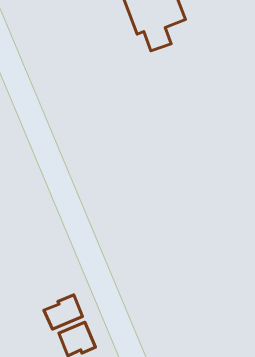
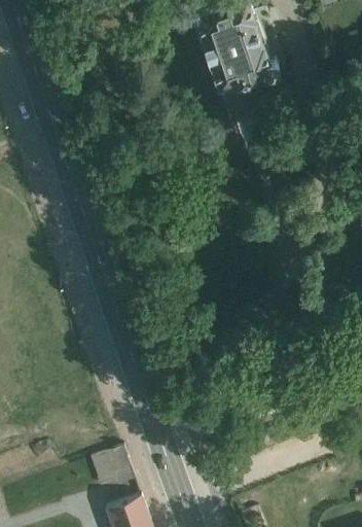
building: [44,295,83,329] -> none

